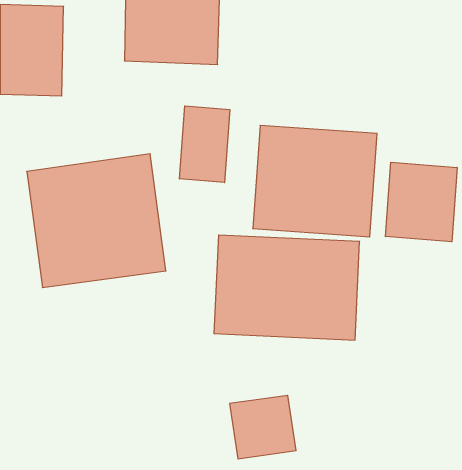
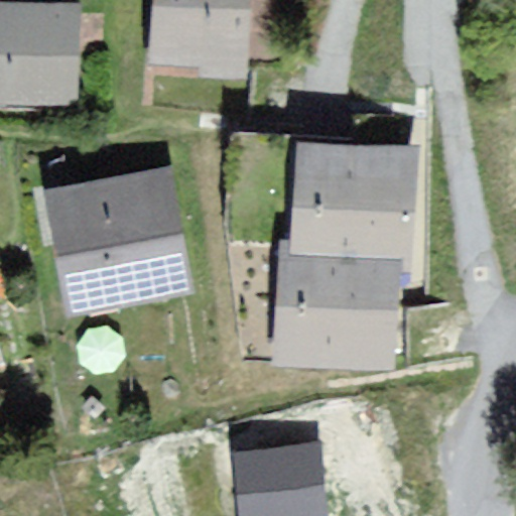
building: [179,106,230,183] -> none
building: [385,162,457,242] -> none

